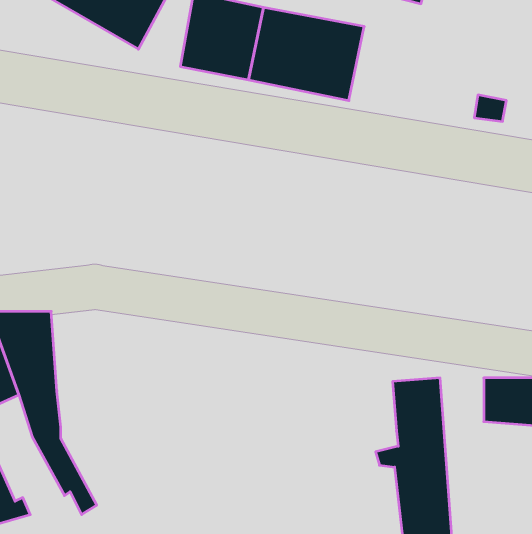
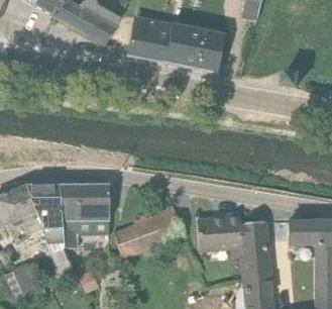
building: none -> [59,185,109,247]
building: none -> [115,211,184,258]
building: none -> [196,213,242,251]

